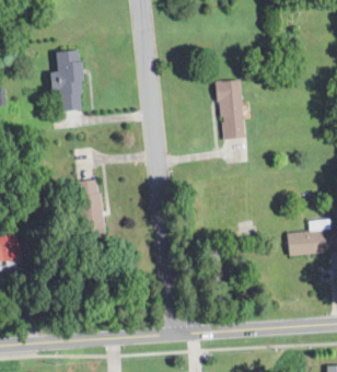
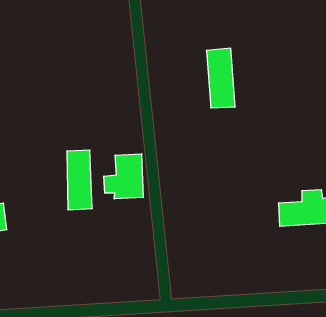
building: [56,50,84,111] -> none
building: none -> [104,154,143,199]

